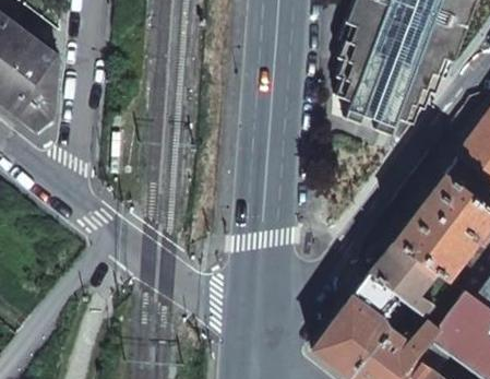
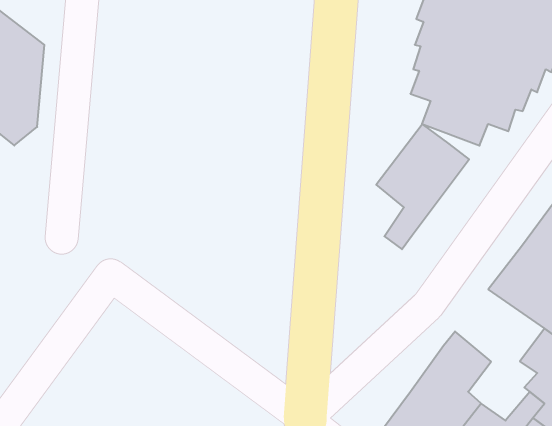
building: none -> [376,124,469,249]
building: [368,242,435,317] -> none

